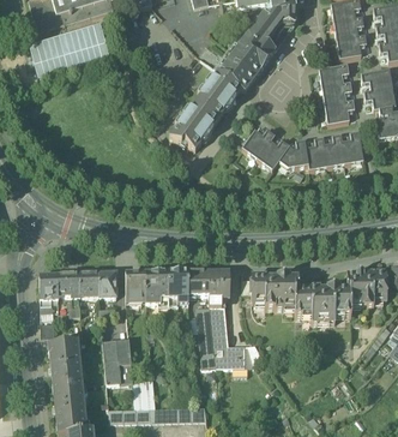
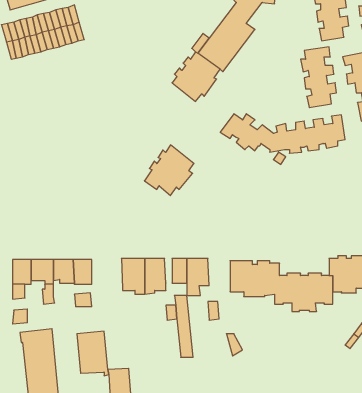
building: [170,100,218,149] -> [144,145,194,196]
building: [126,270,147,300] -> none
building: [210,306,246,366] -> none

